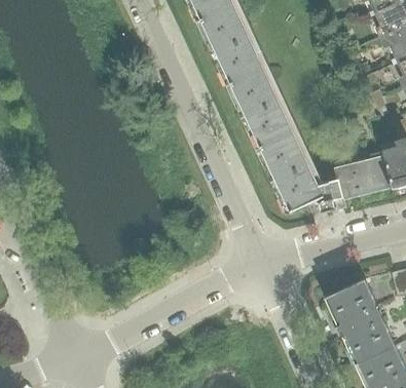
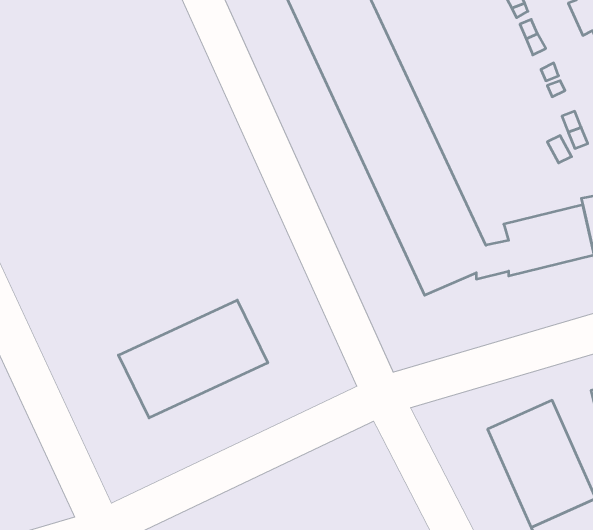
building: none -> [118,300,268,418]

